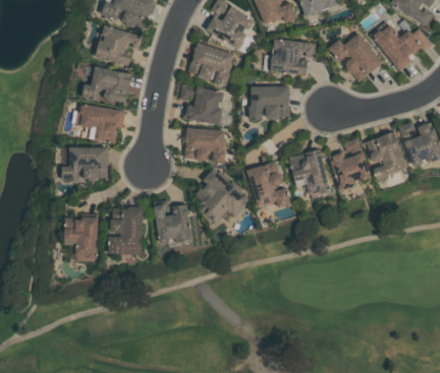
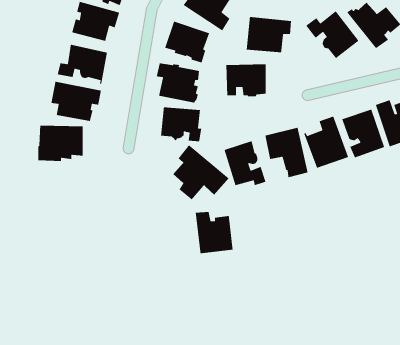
building: [153,200,191,243] -> [195,211,234,254]
building: [109,206,143,254] -> none
building: [64,216,99,262] -> none

